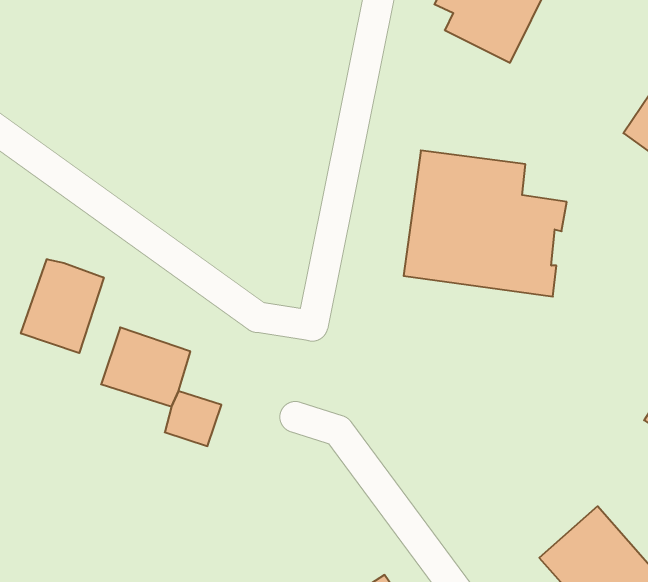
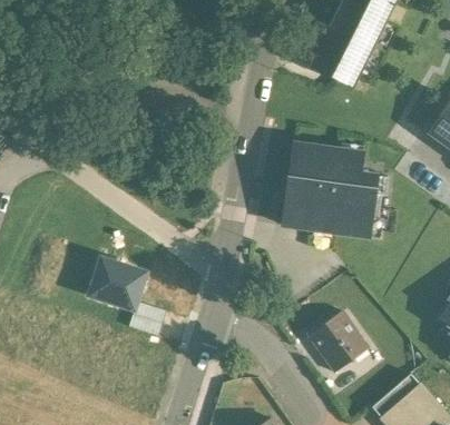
building: [21,259,104,353] -> none
building: none -> [307,312,369,372]

